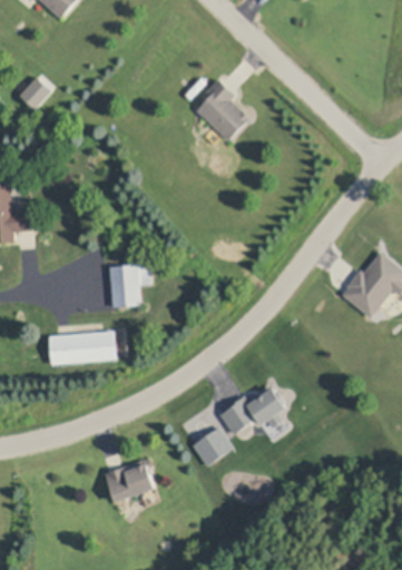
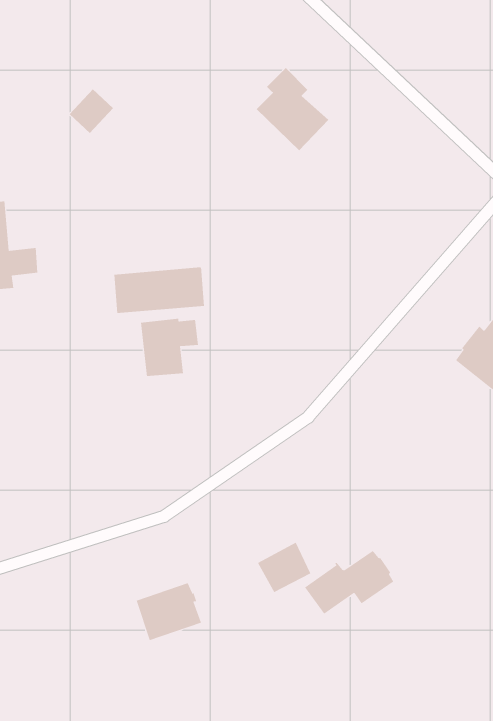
building: [20,77,53,110] -> [69,89,114,134]
building: [48,331,116,365] -> [113,267,205,314]
building: [218,386,285,434] -> [304,550,394,615]

